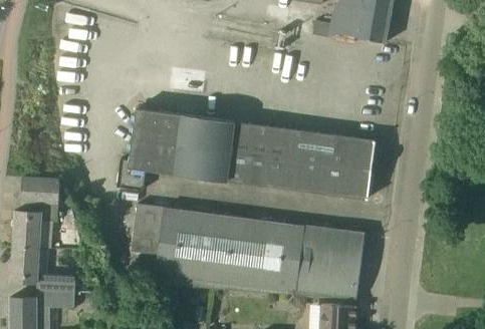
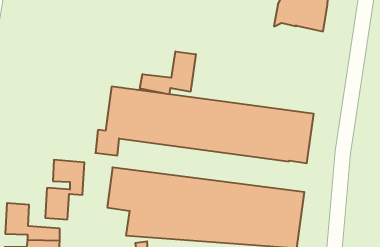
building: none -> [140,51,196,94]
building: [13,178,59,248] -> [45,160,84,219]

